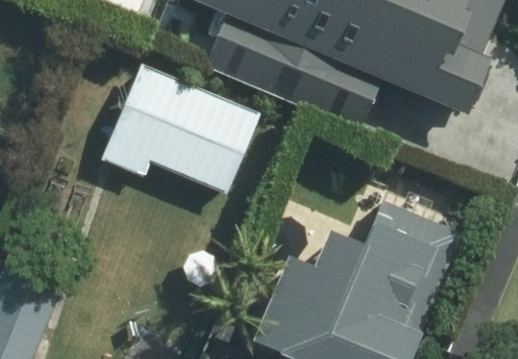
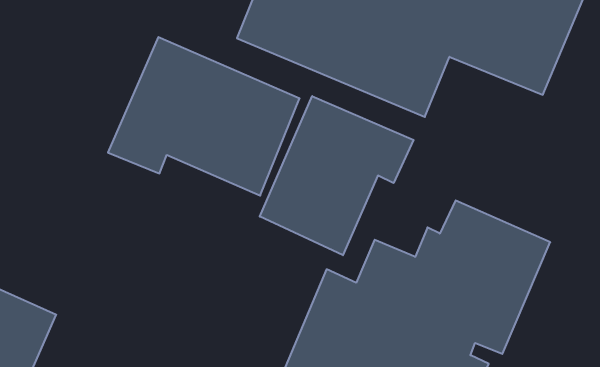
building: none -> [260,96,414,255]

